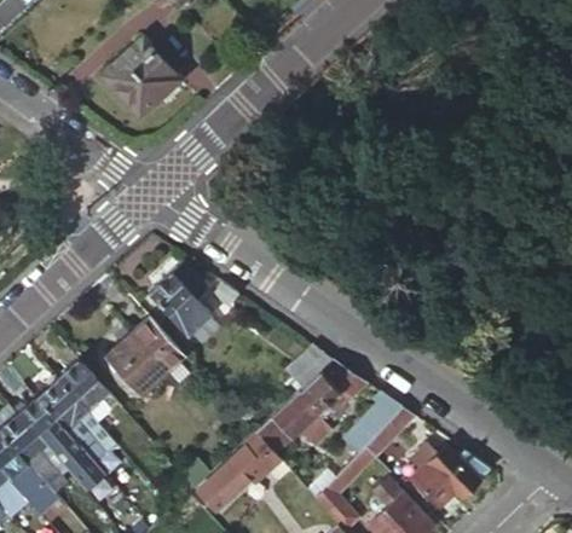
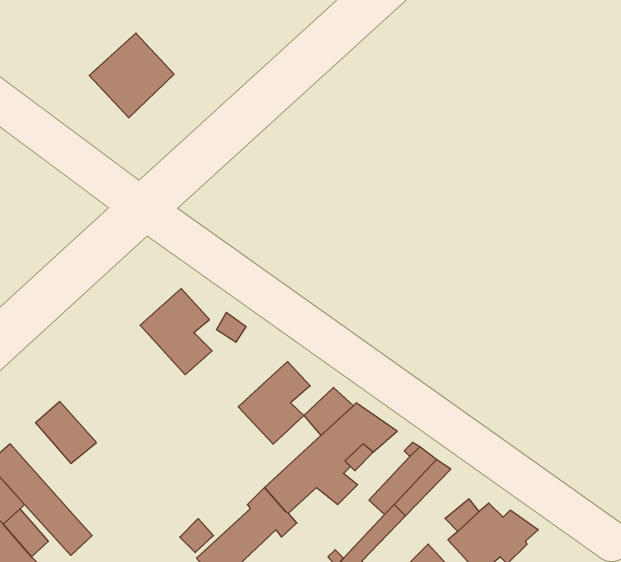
building: [106,319,184,395] -> none
building: none -> [238,362,310,444]
building: [36,377,115,460] -> none

